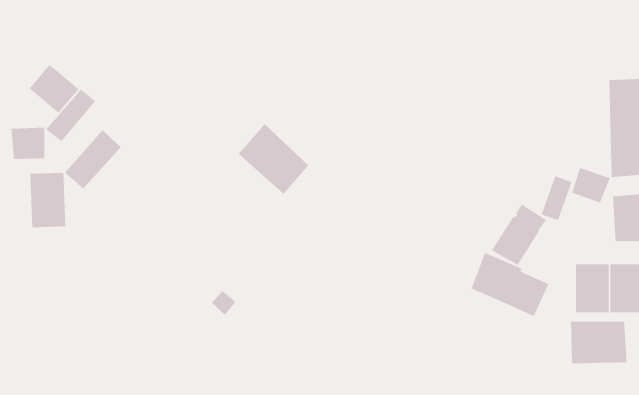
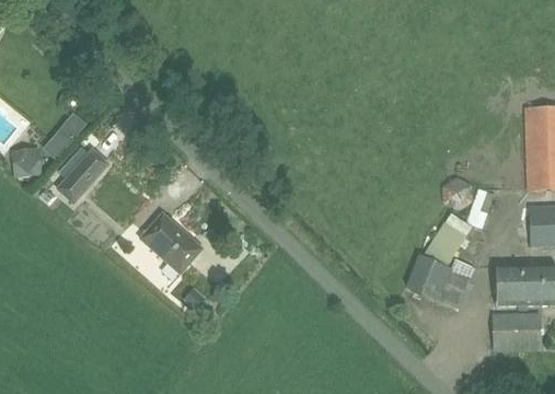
building: [29,64,79,114] -> none
building: [238,123,309,195] -> [140,212,201,274]
building: [571,167,611,204] -> none
building: [30,172,66,228] -> none

